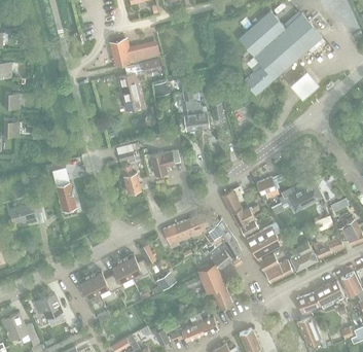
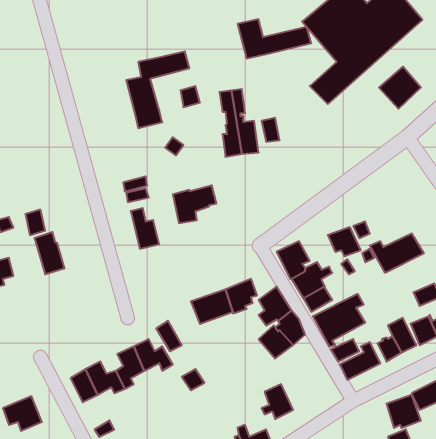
building: [108,38,158,65] -> [238,19,311,58]
building: [182,262,223,292] -> none

